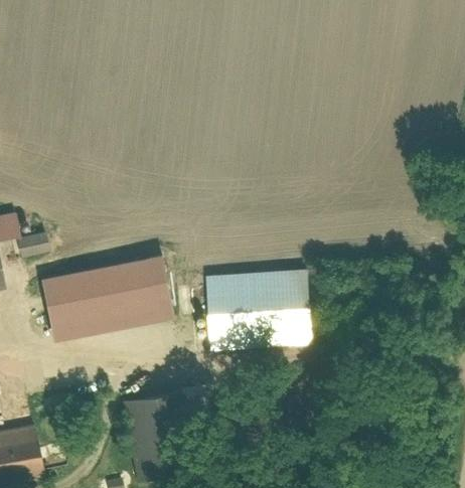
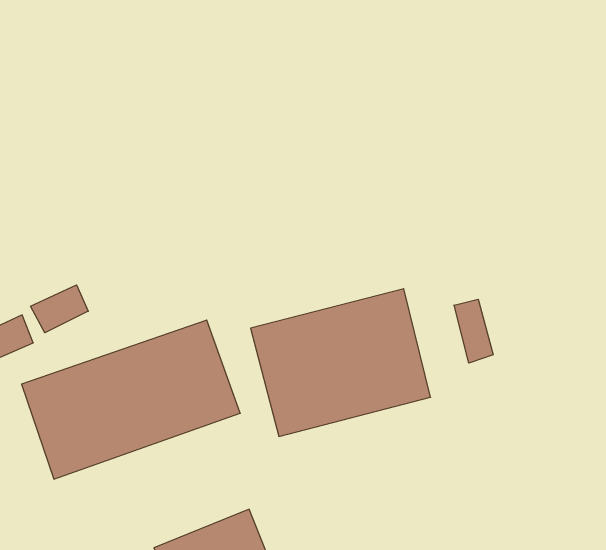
building: none -> [31,285,88,333]
building: none -> [454,299,493,363]

